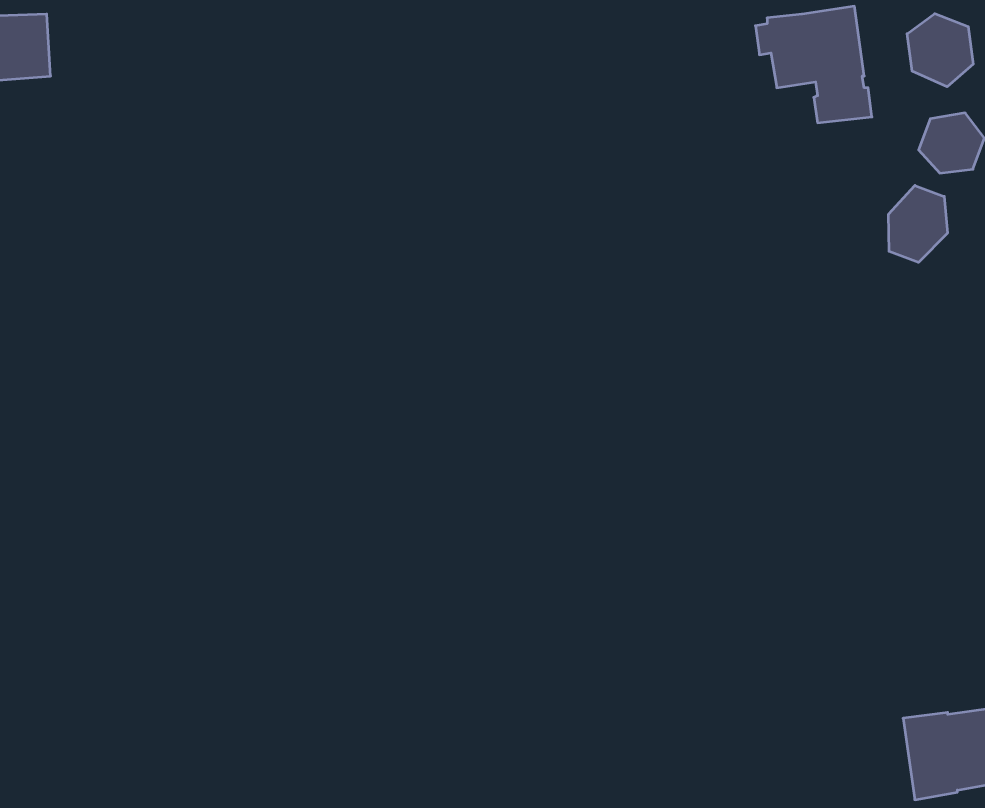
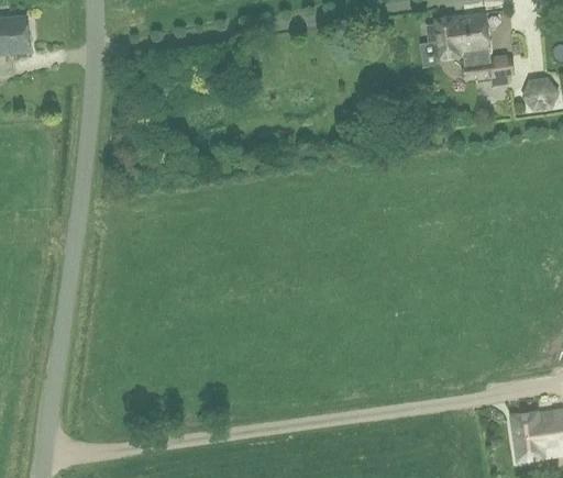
building: [907,14,973,87] -> none
building: [889,185,947,262] -> none

